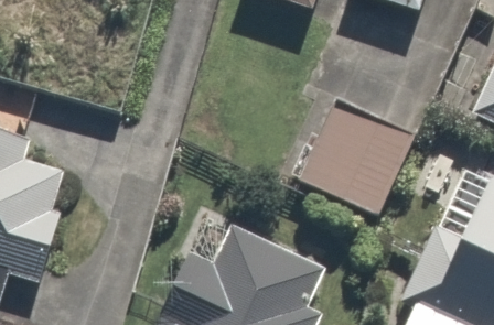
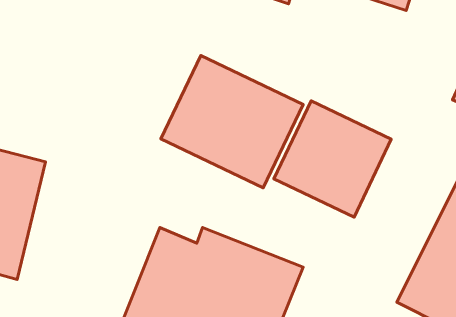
building: none -> [161,56,303,188]

